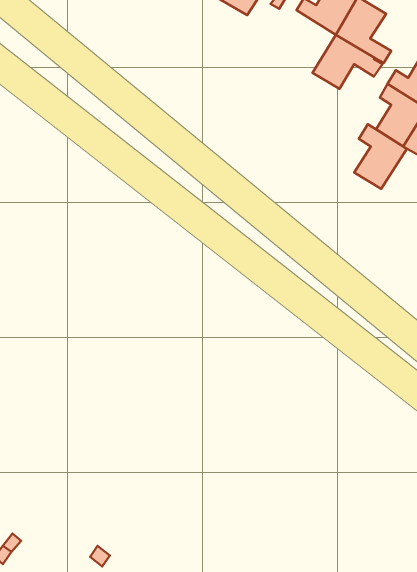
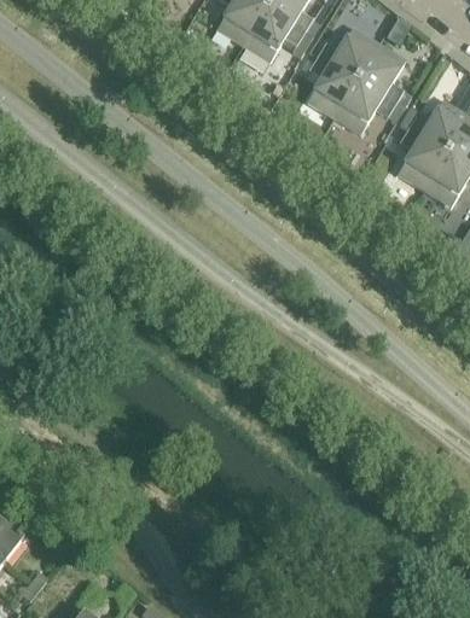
building: none -> [306,56,356,117]
building: [354,124,407,189] -> none

